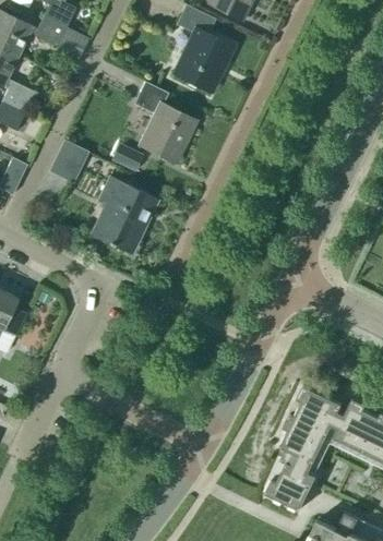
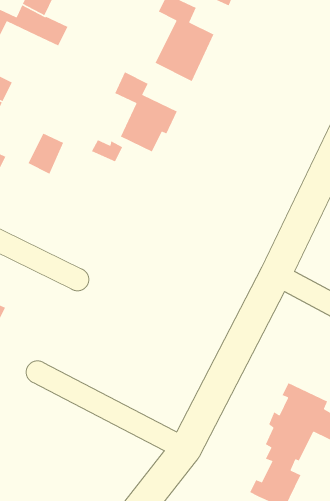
building: [91,176,158,254] -> none

